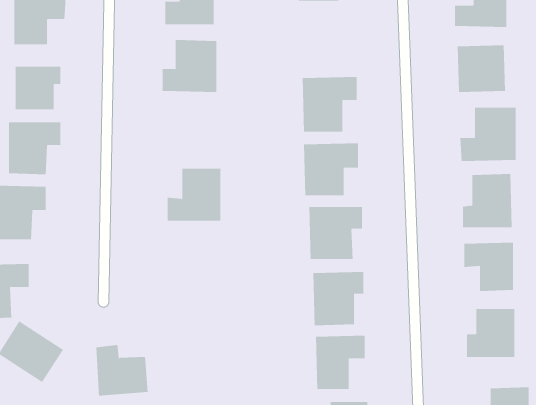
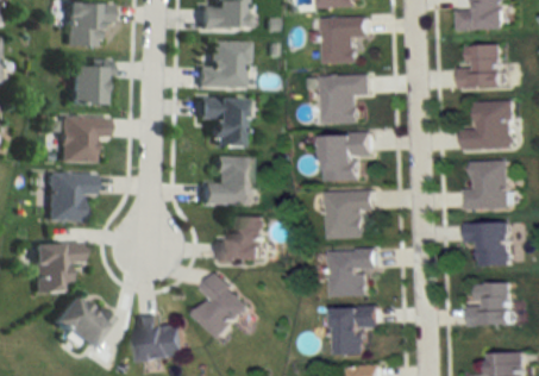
building: none -> [324,17,369,63]
building: none -> [194,96,242,146]
building: none -> [215,217,263,261]
building: none -> [194,272,250,338]

